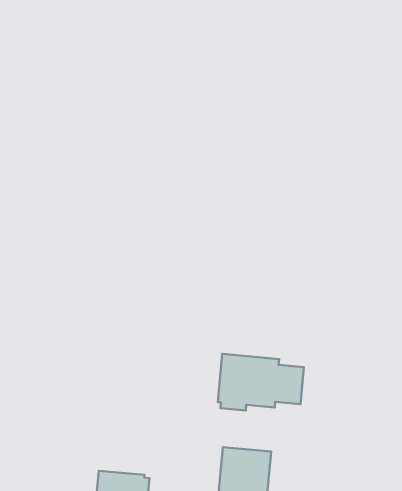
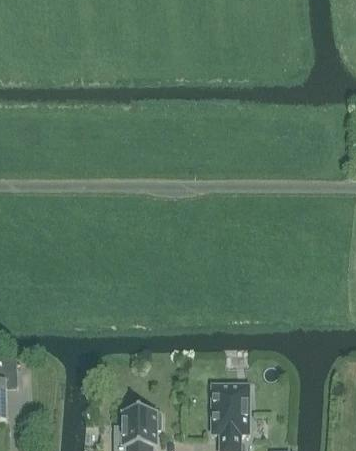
building: [218,354,304,410] -> none

